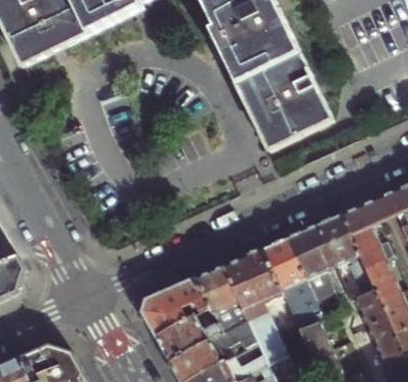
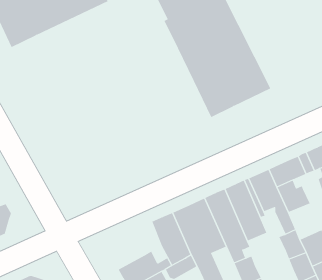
building: [364,259,398,300] -> none
building: [140,278,208,337] -> none

